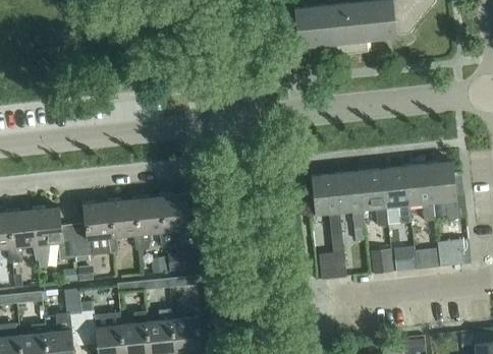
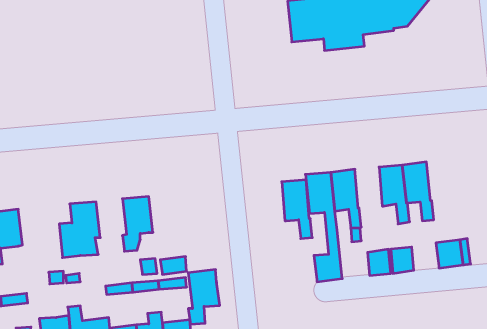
building: [428,161,458,218] -> none
building: [359,168,388,225] -> [282,180,312,239]
building: [159,193,189,246] -> [188,270,220,324]
building: [107,198,138,252] -> none
building: [33,206,75,268] -> none

